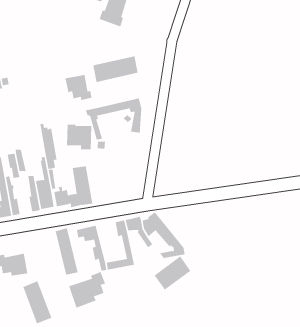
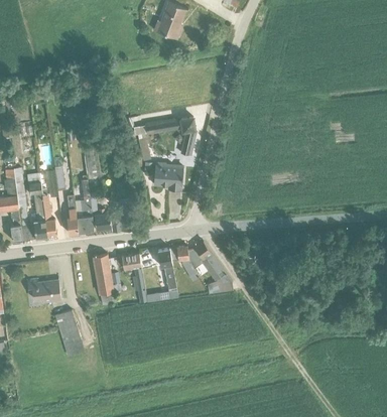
building: [93,55,138,83] -> none
building: [65,74,92,101] -> none
building: [66,124,92,150] -> [153,162,182,191]
building: [154,256,191,291] -> none
building: [69,271,106,308] -> none

